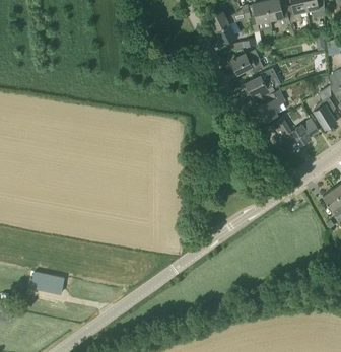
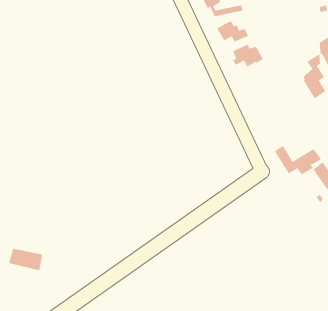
building: [255,89,285,122] -> none
building: [272,117,319,146] -> [274,145,322,176]

